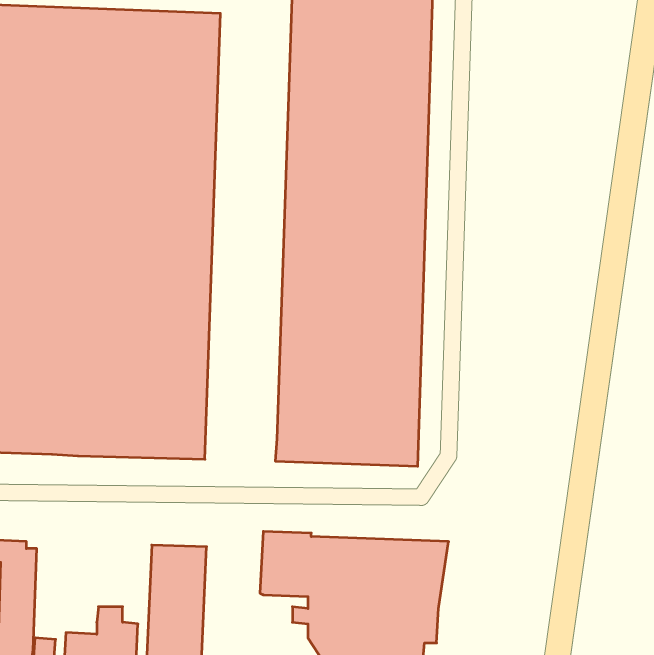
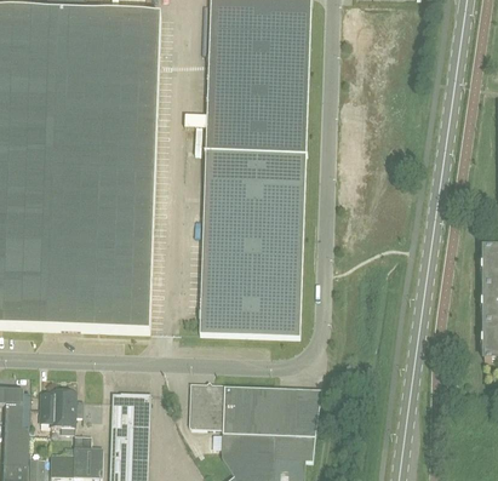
building: none -> [38,385,74,423]

